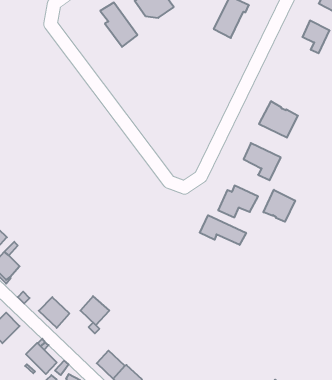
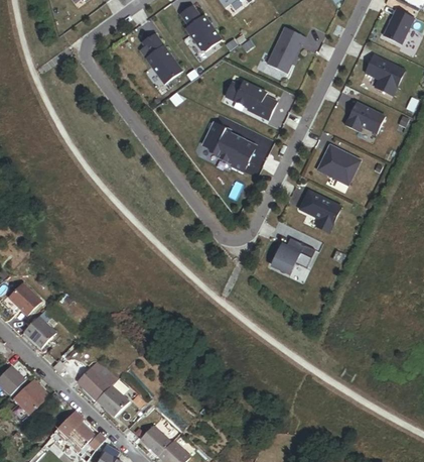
building: none -> [226,81,278,120]
building: none -> [345,102,386,133]
building: none -> [203,122,257,171]
building: [263,190,295,222] -> none
building: [200,215,246,245] -> none
building: [80,296,109,325] -> [93,380,125,413]

